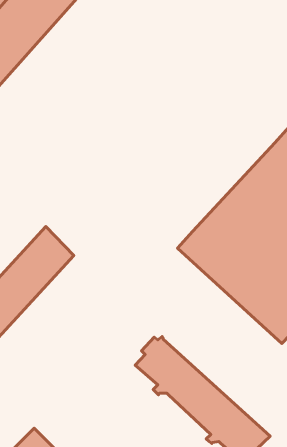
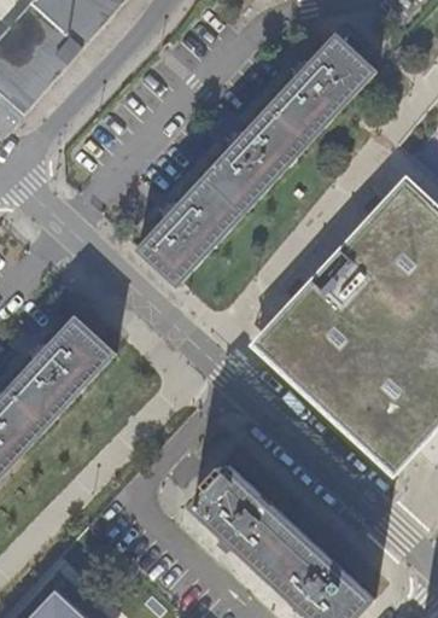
building: none -> [135,34,374,287]

